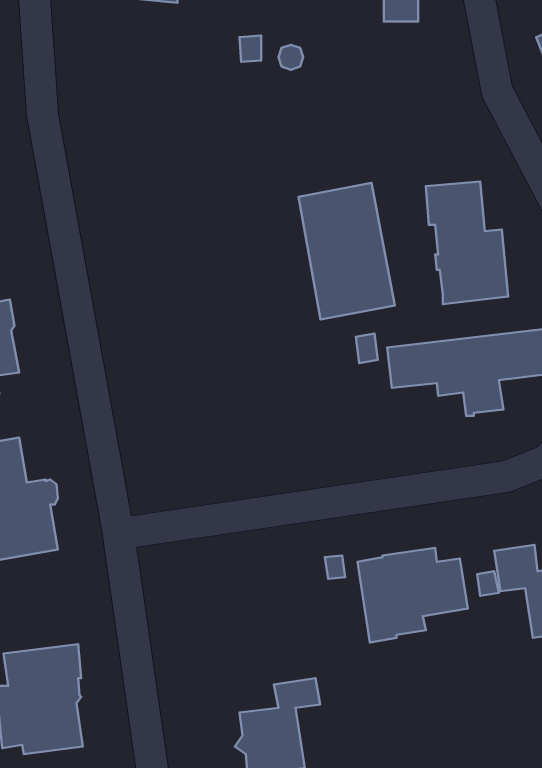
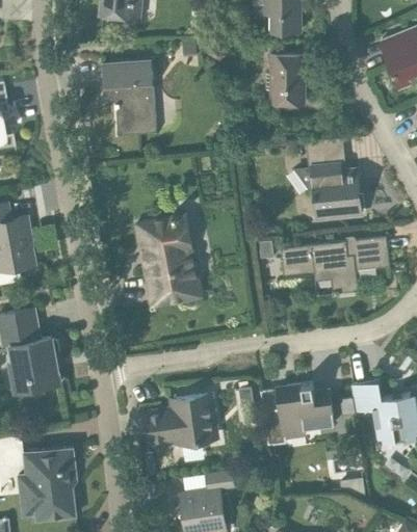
building: none -> [266,54,305,101]
building: none -> [102,59,157,139]
building: [299,183,395,319] -> [136,214,201,305]
building: none -> [148,394,212,443]

